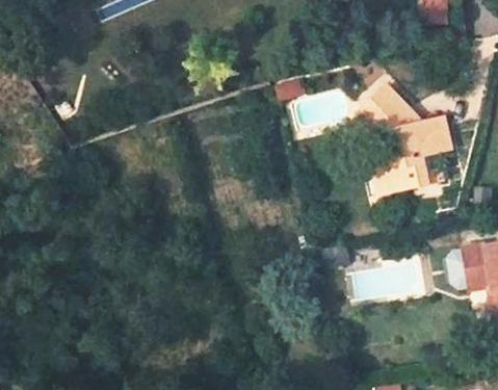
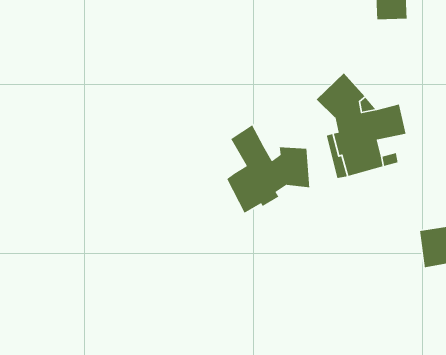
building: none -> [226,124,310,214]

